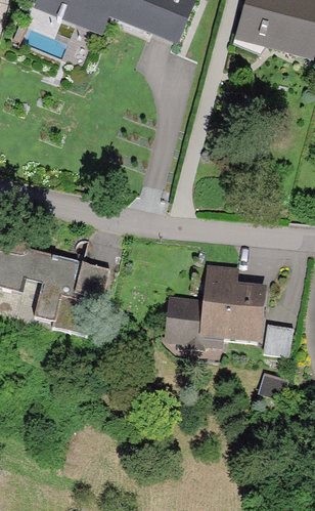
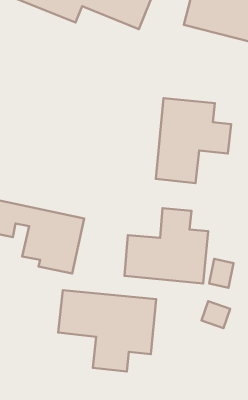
building: none -> [156,98,231,183]
building: none -> [58,290,156,371]

